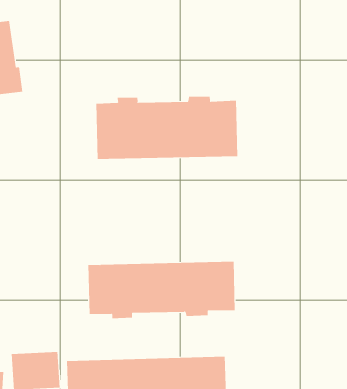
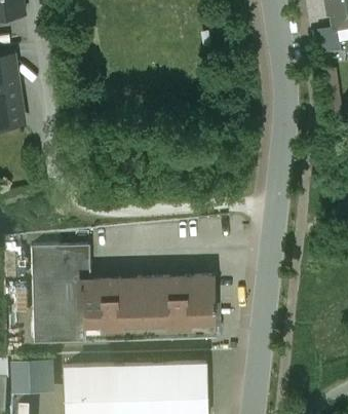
building: [96,96,238,160] -> none
building: none -> [30,244,217,343]

